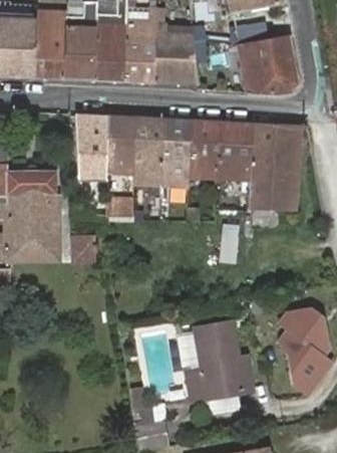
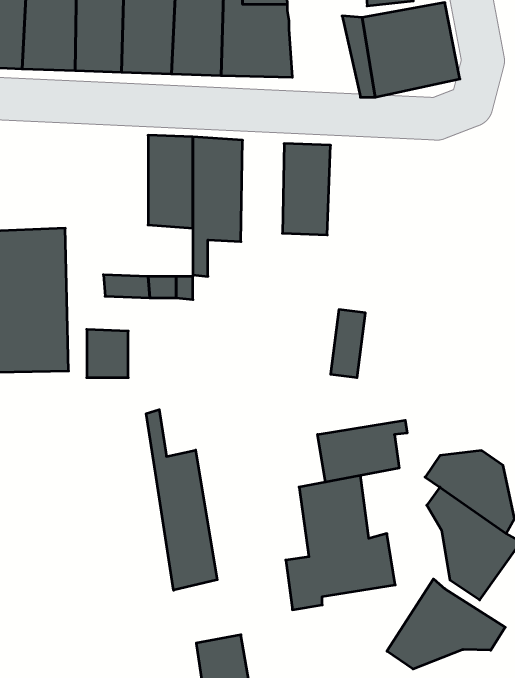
building: [77,114,107,181] -> none
building: [162,119,190,215] -> none
building: [216,122,245,177] -> none
building: [249,124,300,211] -> none
building: none -> [146,410,217,590]
building: none -> [318,420,407,482]
building: none -> [387,579,505,669]

